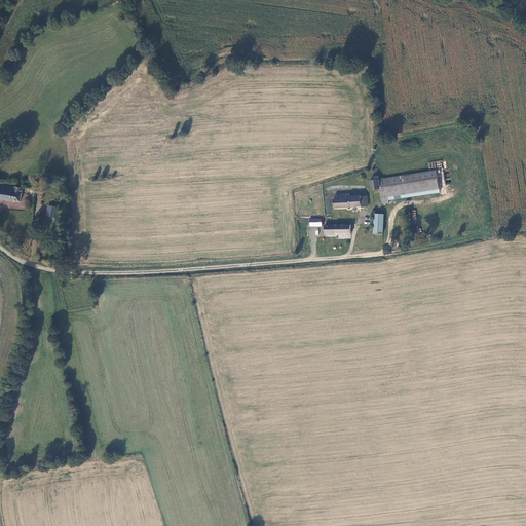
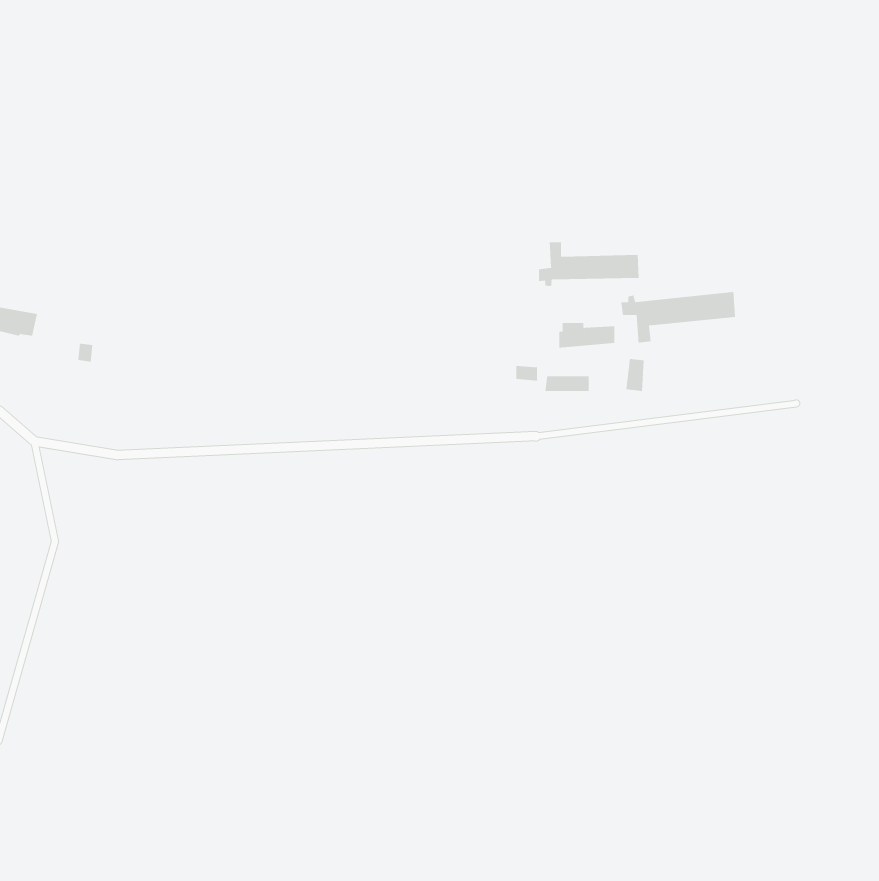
building: none -> [539,241,639,287]

